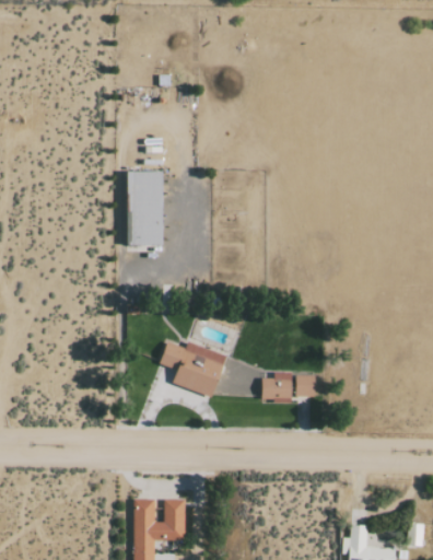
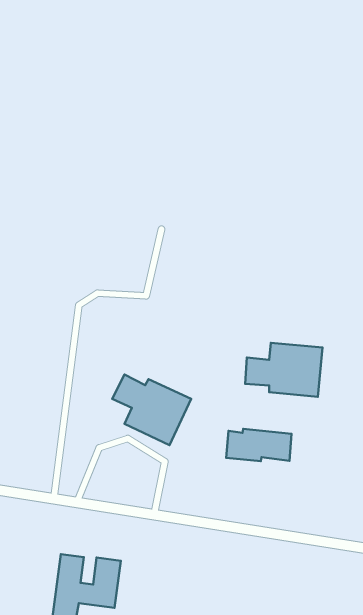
building: [127,172,163,246] -> none
building: none -> [245,343,323,397]

